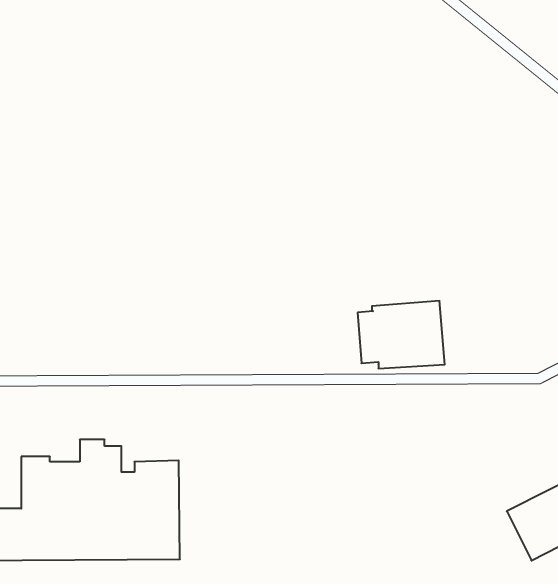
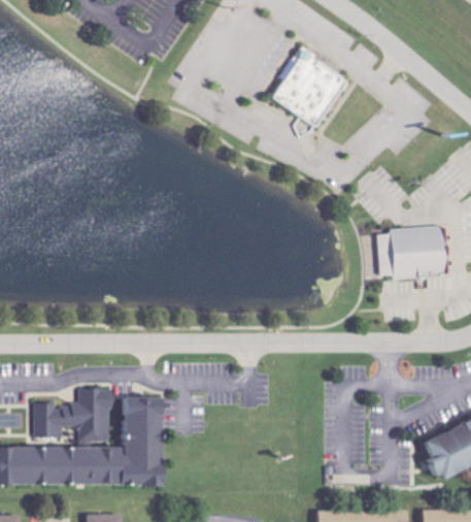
building: none -> [267,45,339,133]
building: [358,301,445,368] -> [372,222,441,275]

